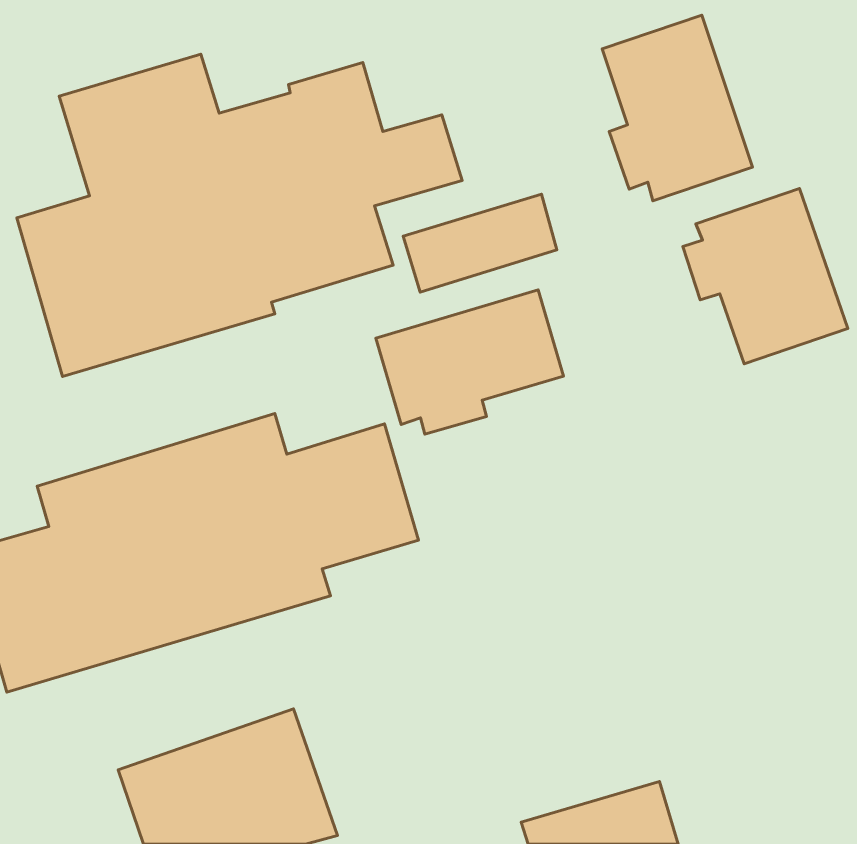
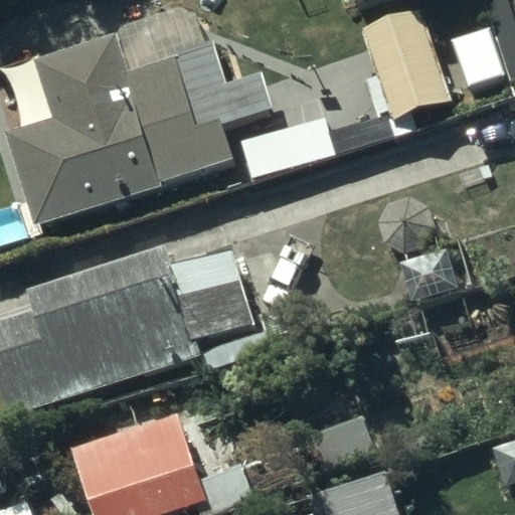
building: [683,189,848,364] -> none
building: [376,290,563,434] -> none

